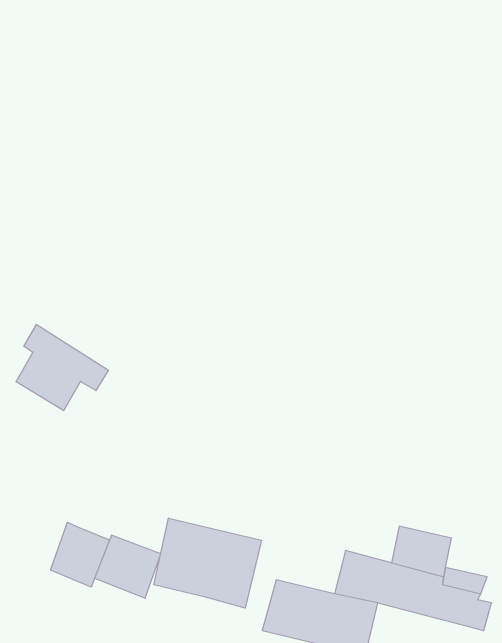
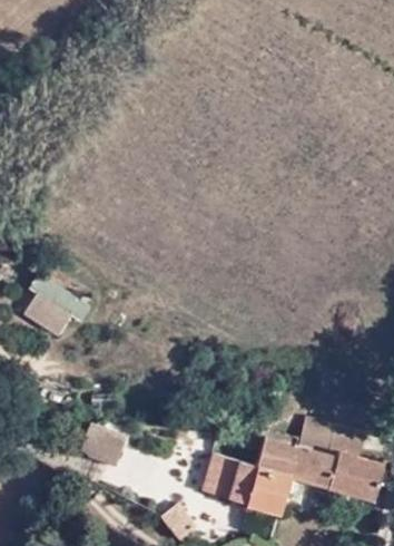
building: [154,518,262,608] -> none
building: [51,522,110,587] -> none

